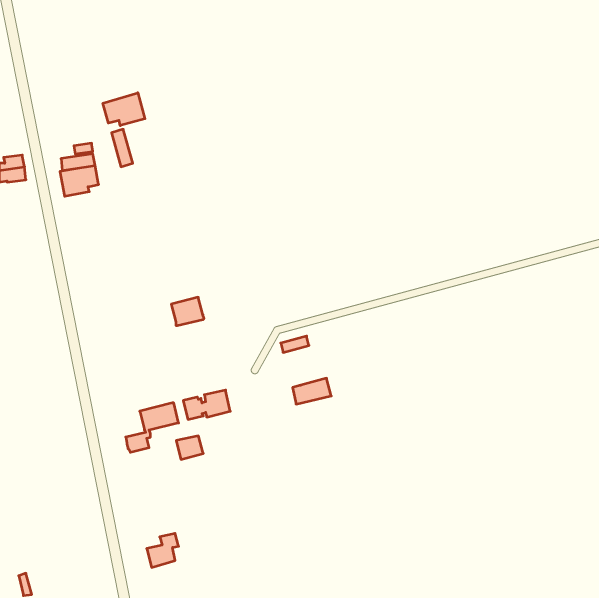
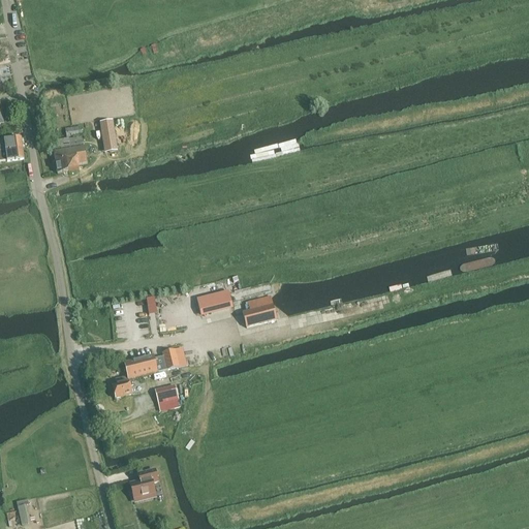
building: [103,93,145,126] -> none
building: [171,297,204,325] -> [204,289,232,314]
building: [293,378,331,404] -> [242,304,276,326]

